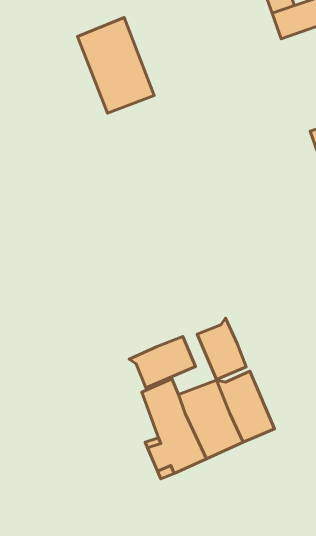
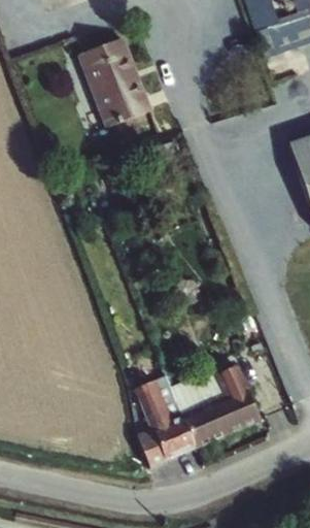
building: [197,318,246,379] -> none
building: [129,337,196,388] -> none

